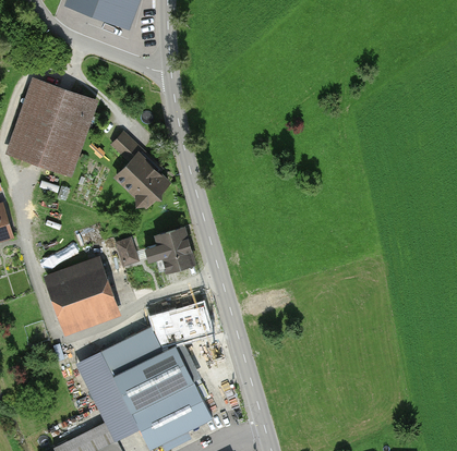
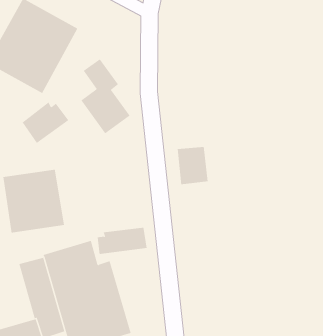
building: none -> [22,102,69,144]
building: [154,227,194,272] -> [177,147,208,185]
building: [115,237,139,267] -> none

